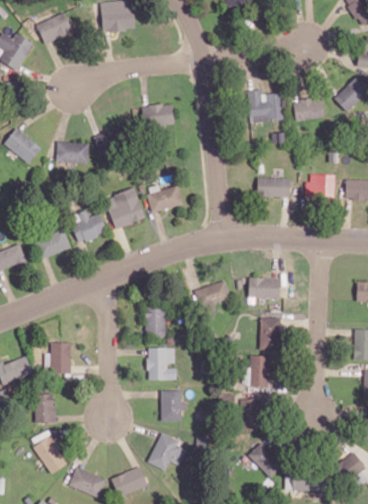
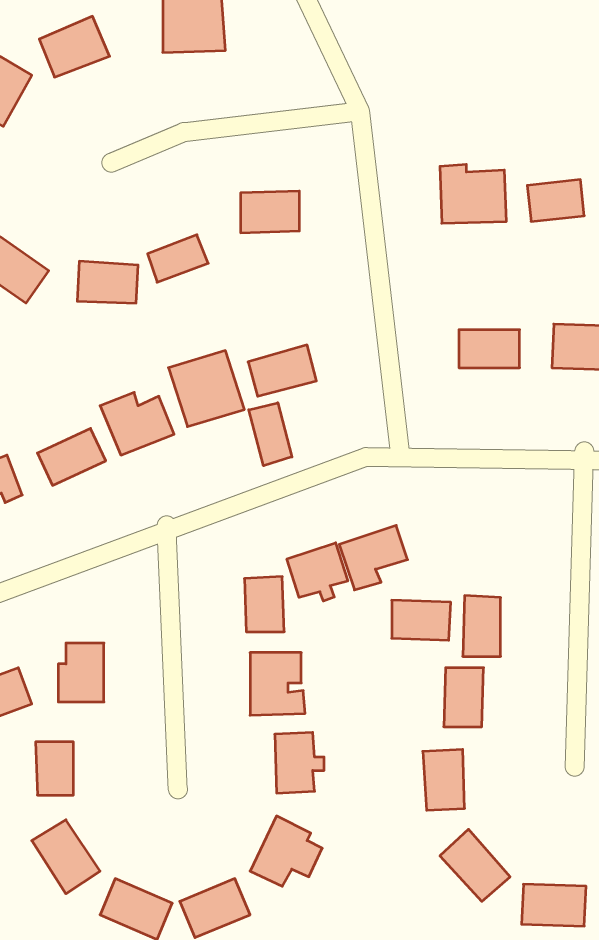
building: none -> [249,403,292,466]
building: [249,277,280,298] -> [392,600,451,640]
building: none -> [287,543,348,601]

